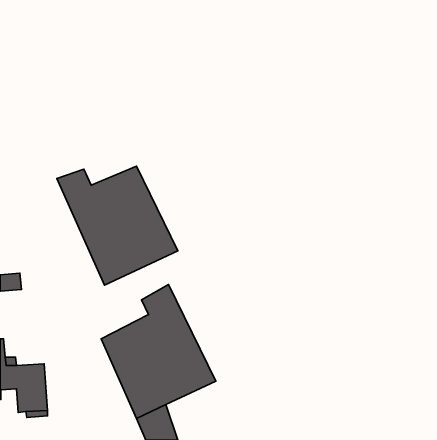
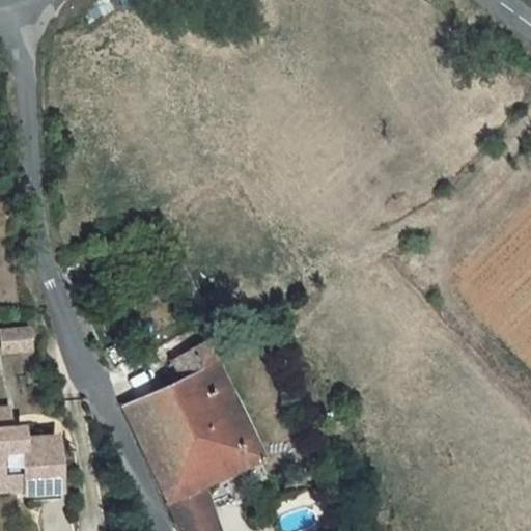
building: [57,166,178,285] -> none

